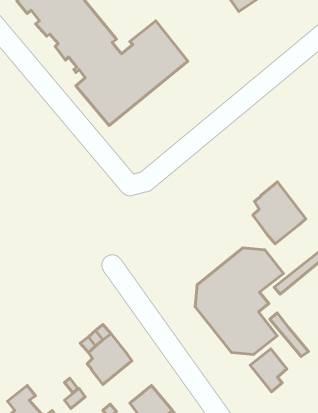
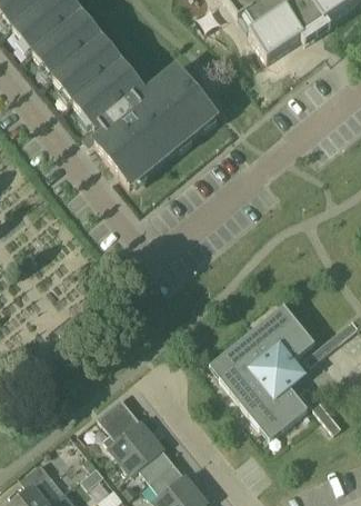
building: [253,182,306,244] -> none
building: [250,349,287,392] -> none
building: none -> [122,436,174,482]

